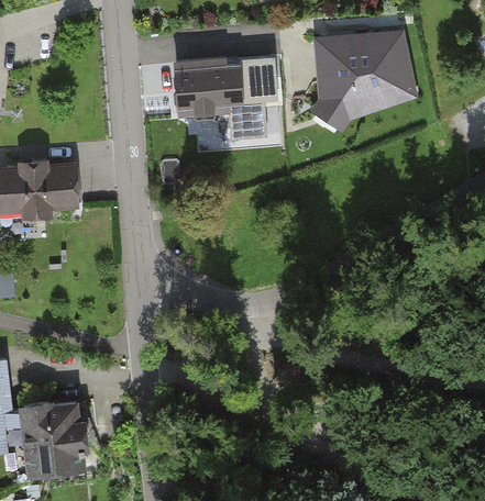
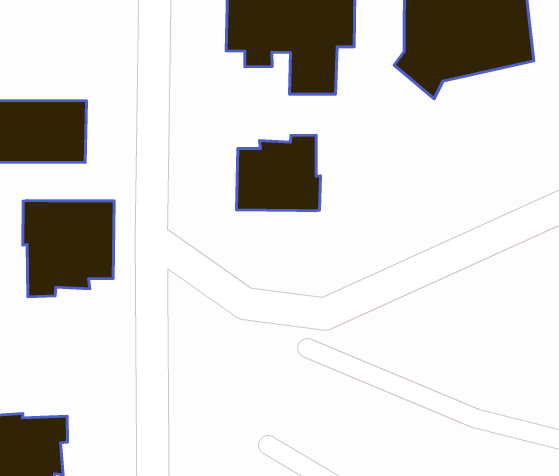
building: none -> [236,135,320,211]
building: none -> [23,200,114,297]

